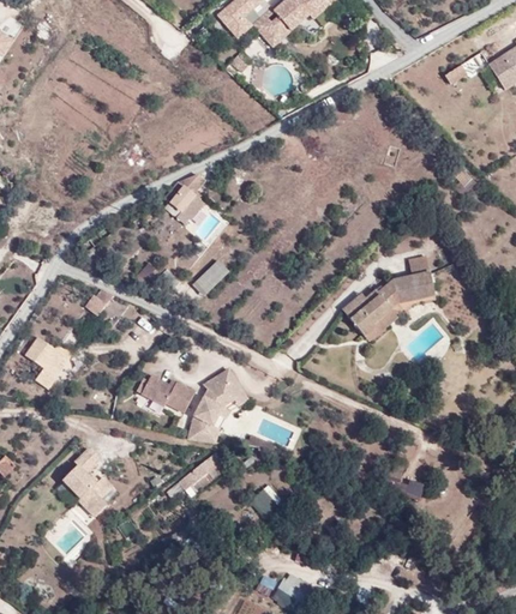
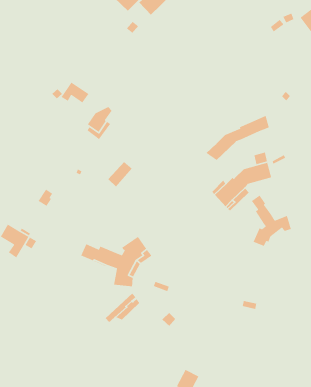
building: none -> [60,81,89,104]
building: none -> [205,115,270,161]
building: none -> [251,195,292,247]
building: [61,447,112,516] -> none

